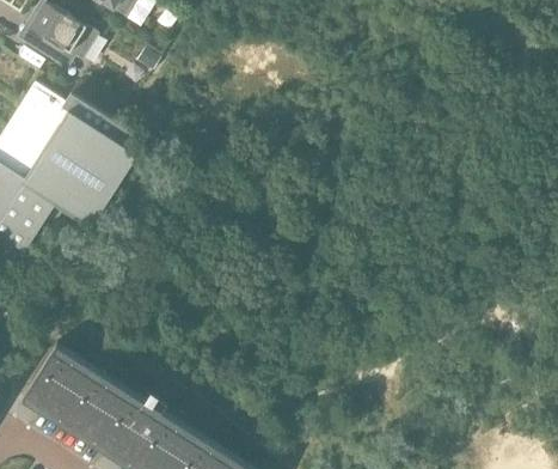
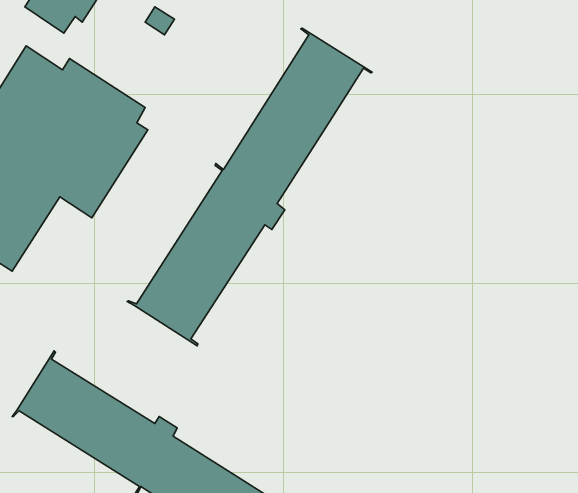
building: none -> [127,28,372,346]

